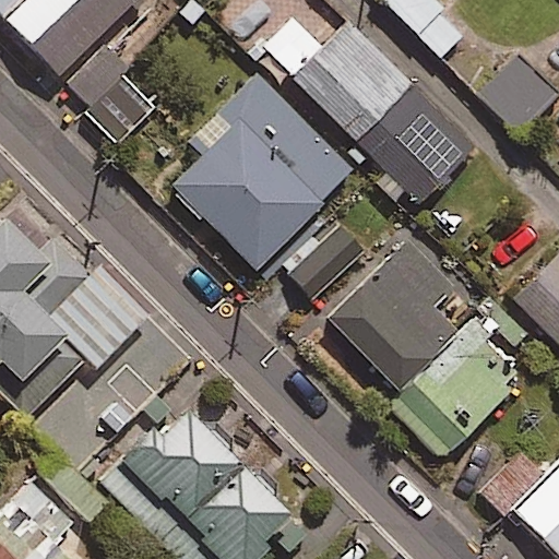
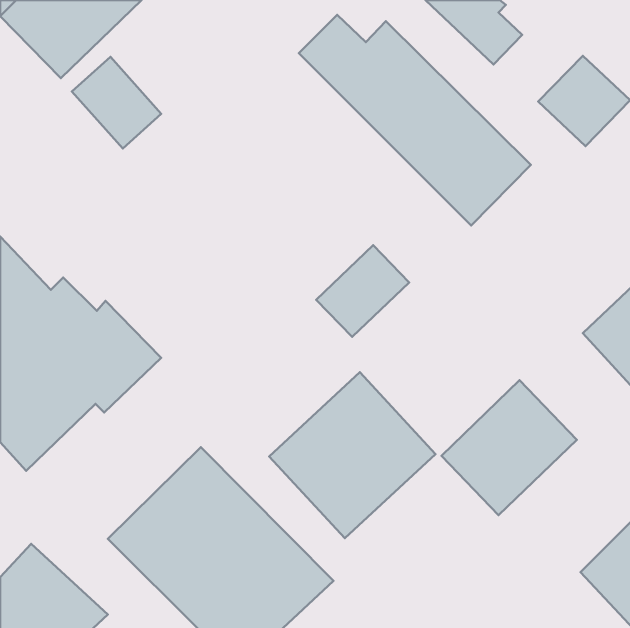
building: [171,76,353,269] -> none
building: [329,241,475,388] -> [269,372,435,538]

